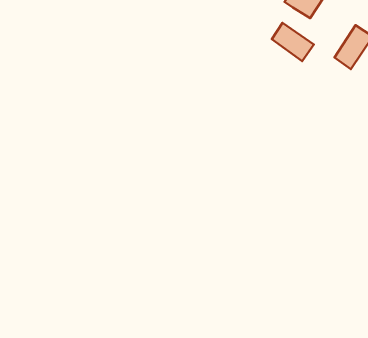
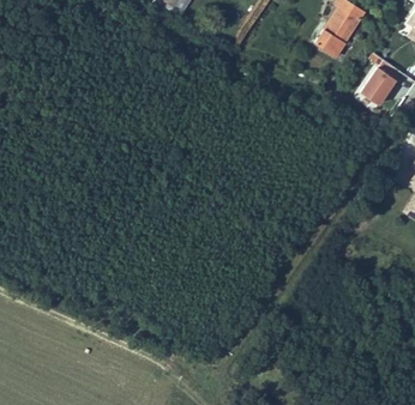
building: [272,23,314,61] -> none

